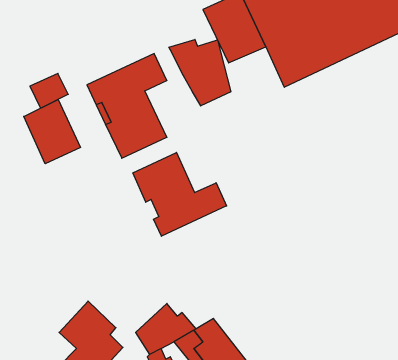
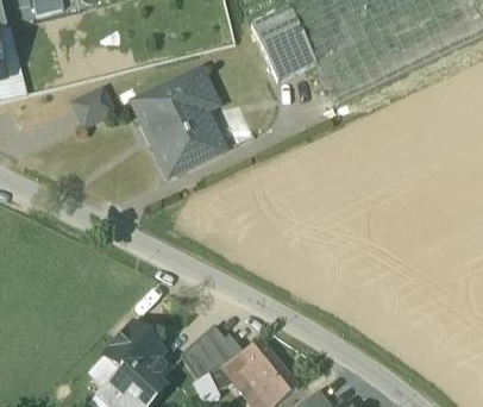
building: [169,39,231,106] -> none
building: [24,100,80,164] -> none
building: [133,152,227,236] -> none

